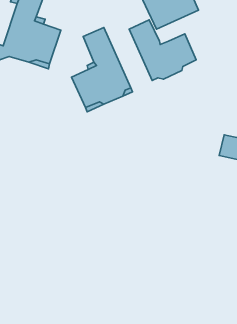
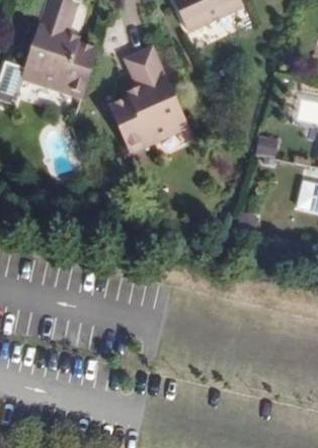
building: [129,20,196,80] -> none

